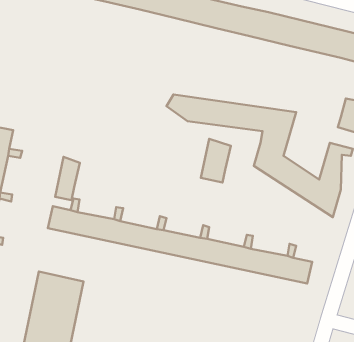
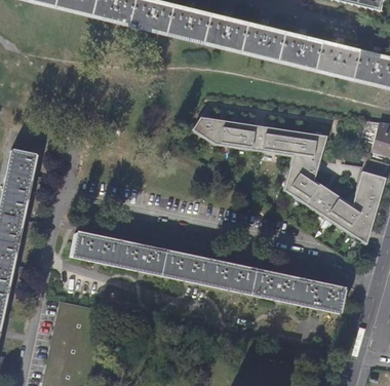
building: [201,139,231,182] -> none
building: [55,157,80,200] -> none

